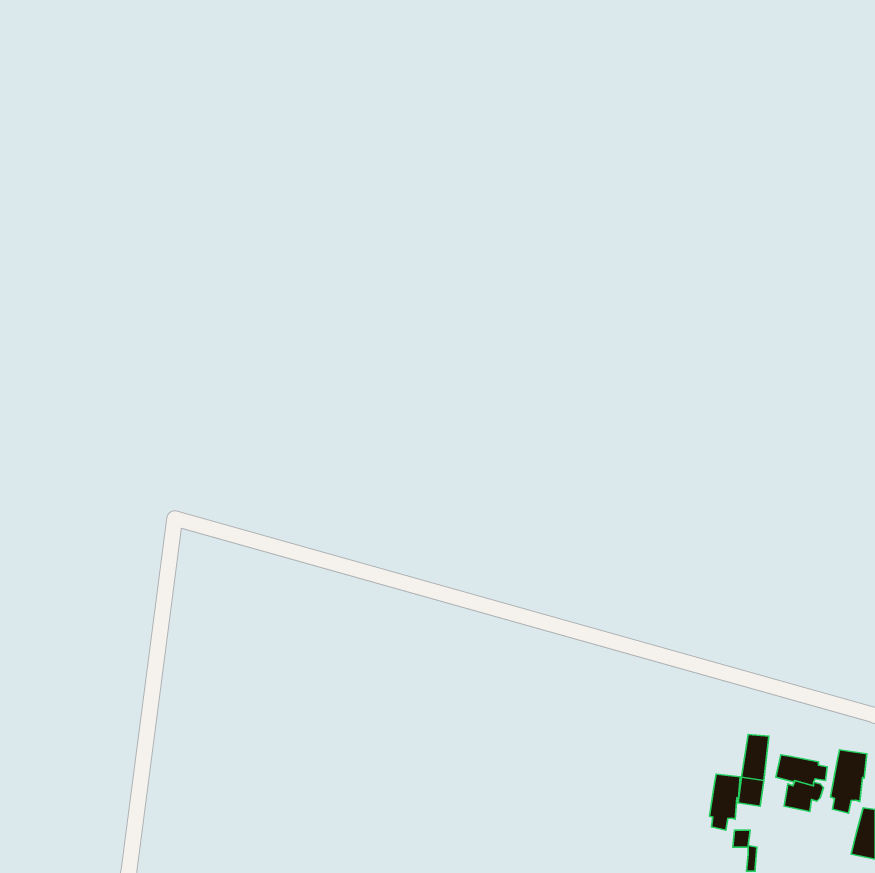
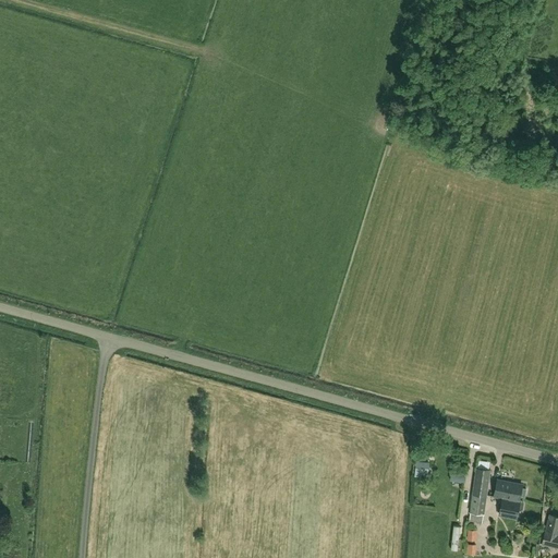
building: [830,750,867,813] -> none
building: [710,774,740,830] -> none

